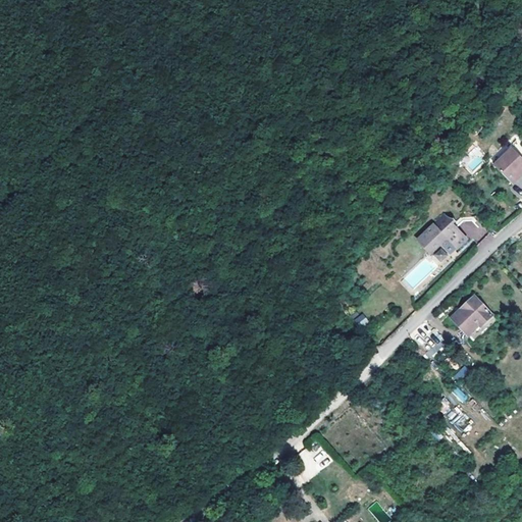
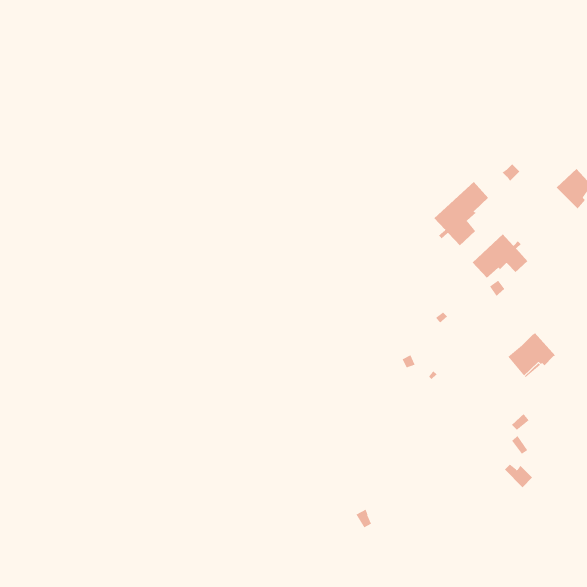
building: none -> [434,181,489,246]

